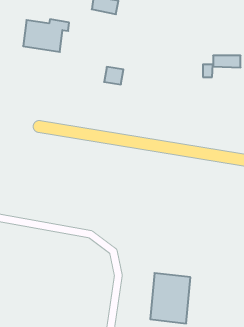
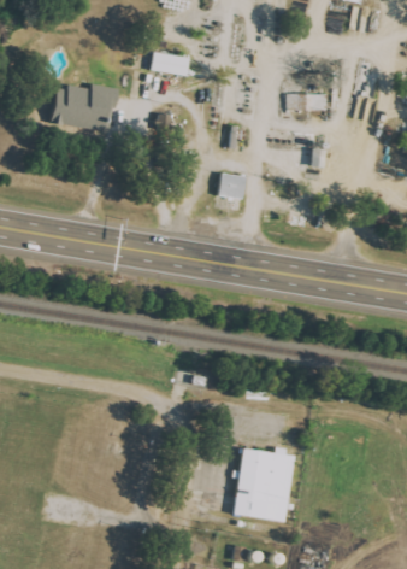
building: [213,56,241,67] -> [287,93,326,110]
building: [104,67,123,84] -> [218,172,246,198]

